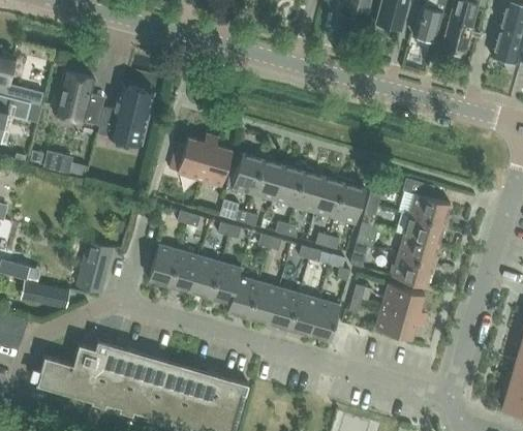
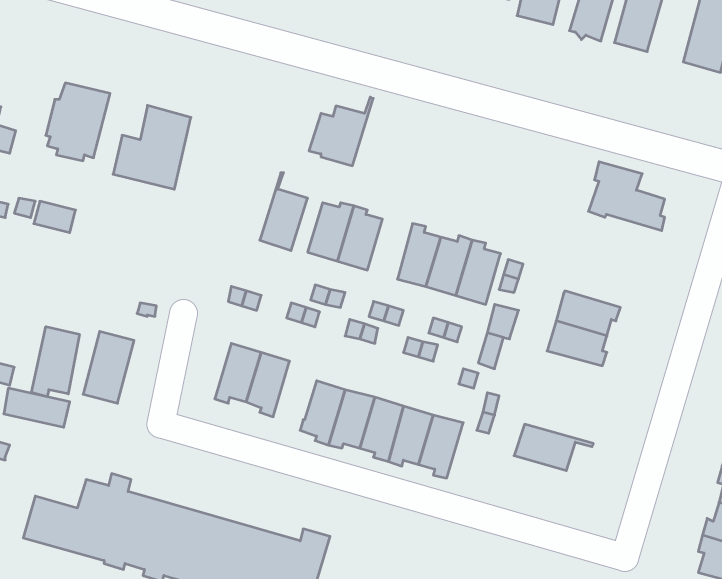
building: [170,131,214,179] -> [309,97,373,166]
building: [274,164,305,206] -> none
building: [398,178,451,225] -> [588,162,665,231]
building: none -> [31,327,79,397]
building: [149,244,180,288] -> none
building: [392,255,436,285] -> none
building: [209,263,241,303] -> none
building: [382,283,430,319] -> none

